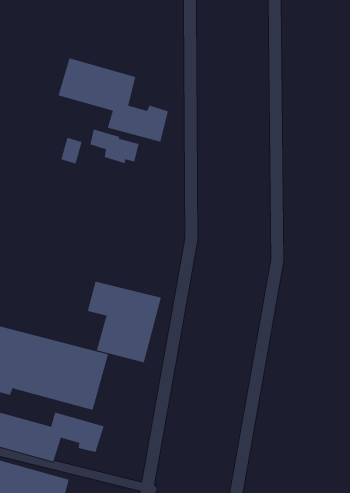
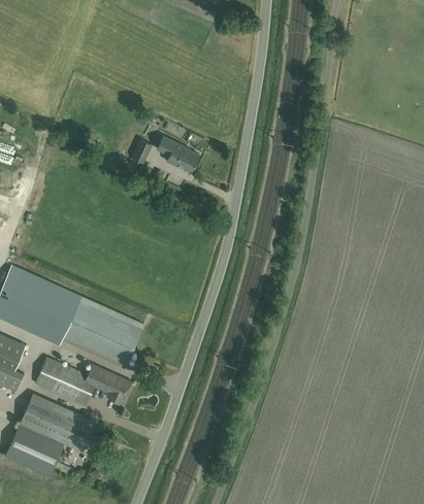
building: [58,58,168,143] -> none
building: [87,281,161,363] -> none

